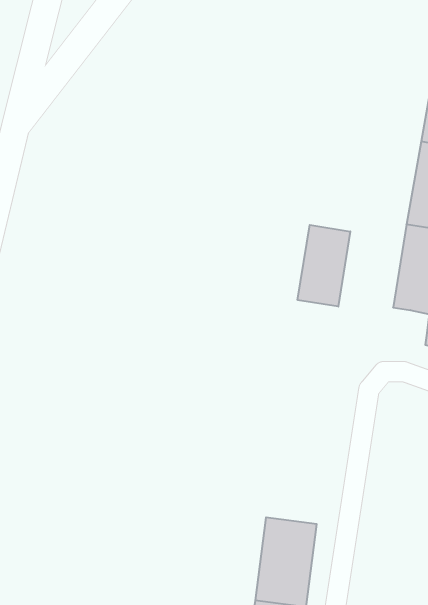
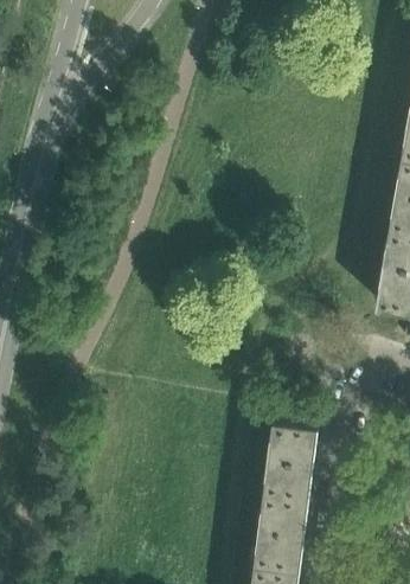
building: [298,225,350,307] -> none
building: none -> [261,425,315,505]

